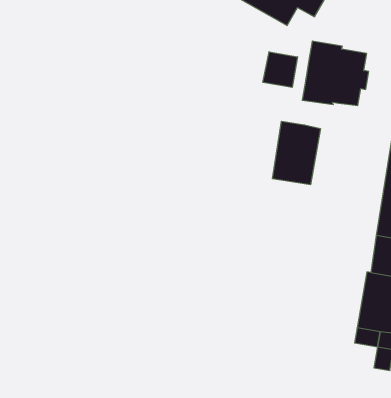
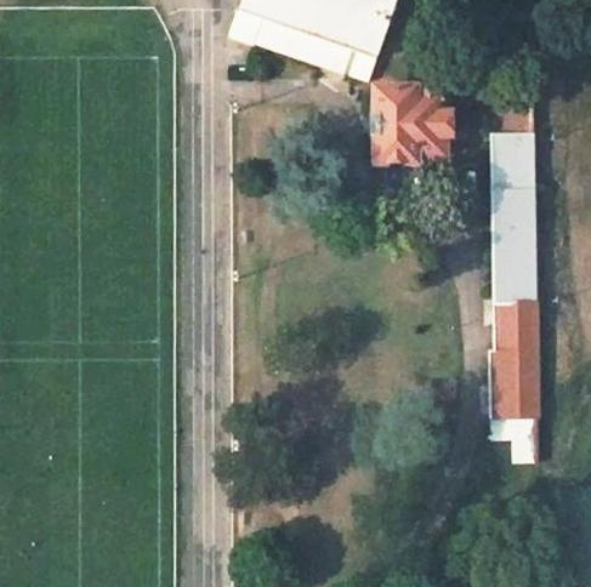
building: [263,52,297,87] -> none
building: [272,121,320,185] -> none

